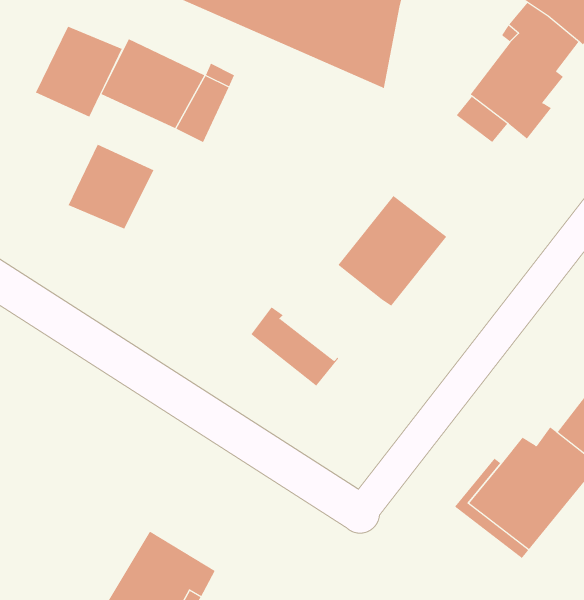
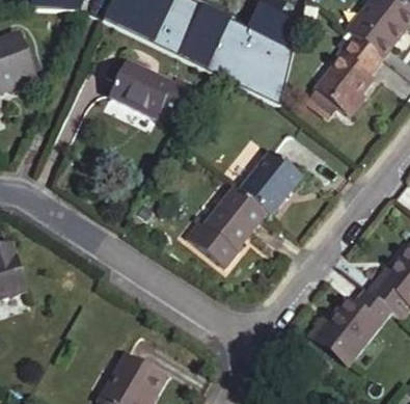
building: [35,26,122,118] -> none
building: [68,144,154,229] -> none
building: none -> [206,187,266,248]

